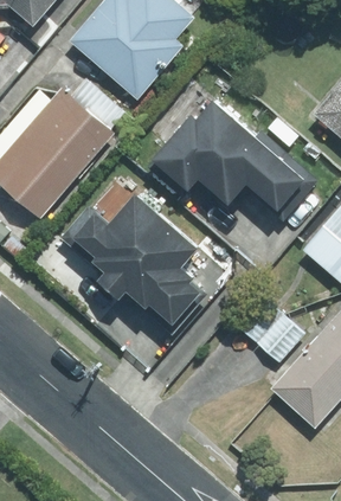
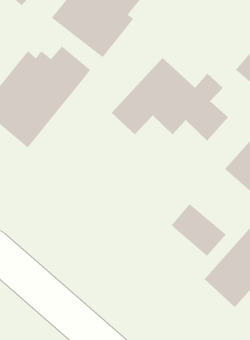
building: [62,188,211,323] -> none

